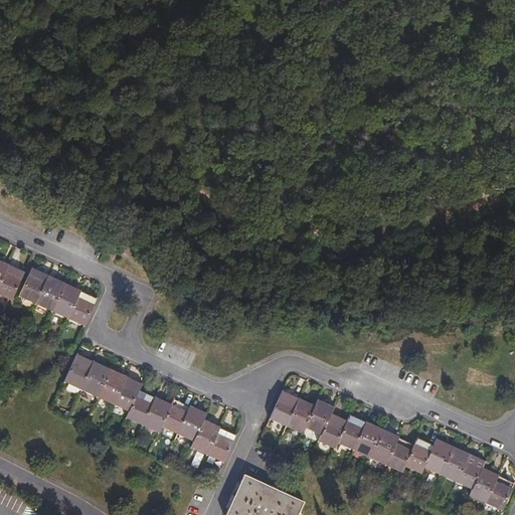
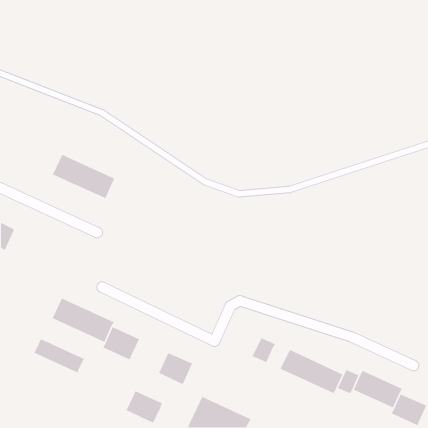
building: [19,270,95,324] -> [52,154,115,199]
building: [271,393,313,432] -> none
building: [162,399,206,440] -> [126,390,163,424]
building: none -> [34,338,85,374]
building: [319,415,346,447] -> none

